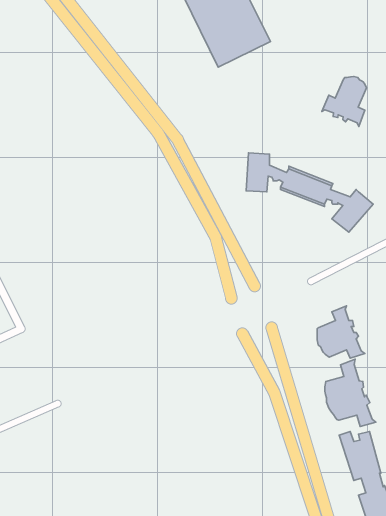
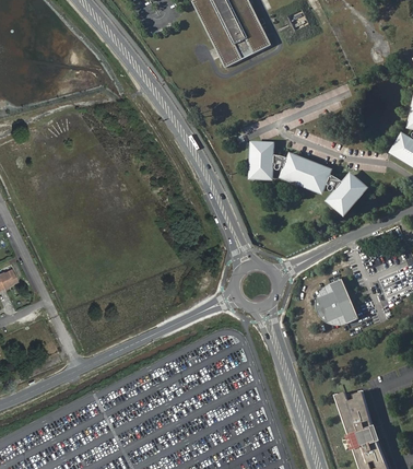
building: [322,77,367,127] -> none
building: [325,359,376,427] -> none

